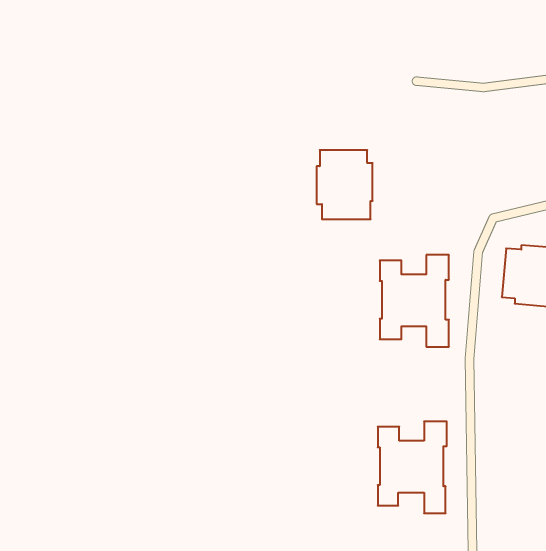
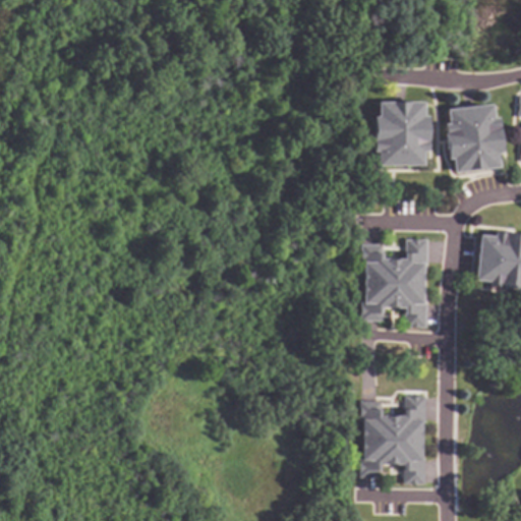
building: none -> [446,102,506,173]
building: [317,150,373,219] -> [377,101,429,166]

